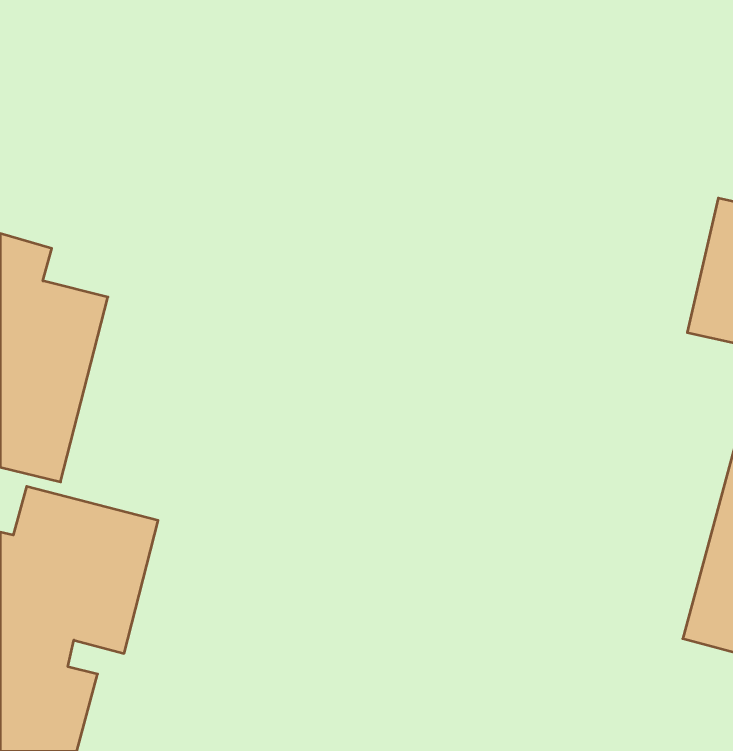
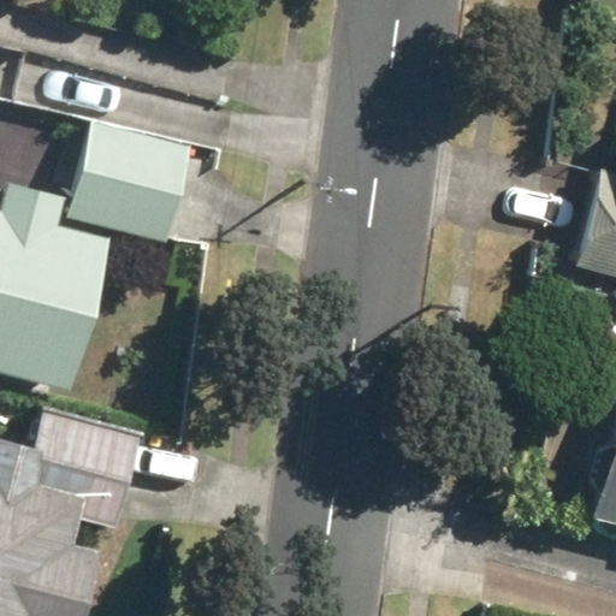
building: none -> [66,119,192,244]

